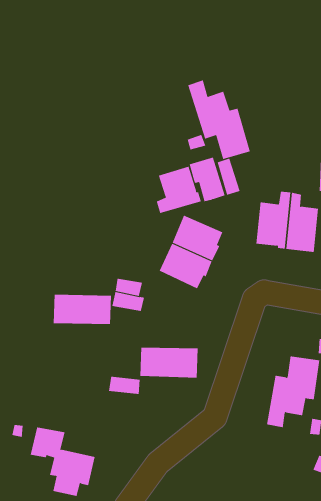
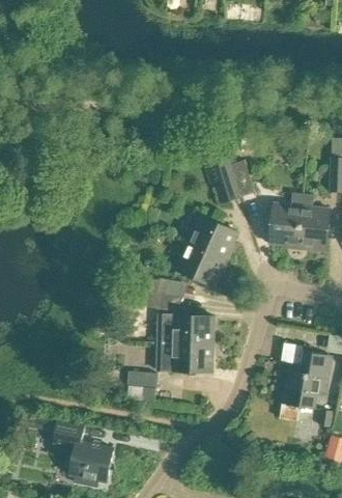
building: [187,80,251,160] -> none
building: [156,166,202,214] -> none
building: [53,294,112,324] -> [159,314,216,343]

